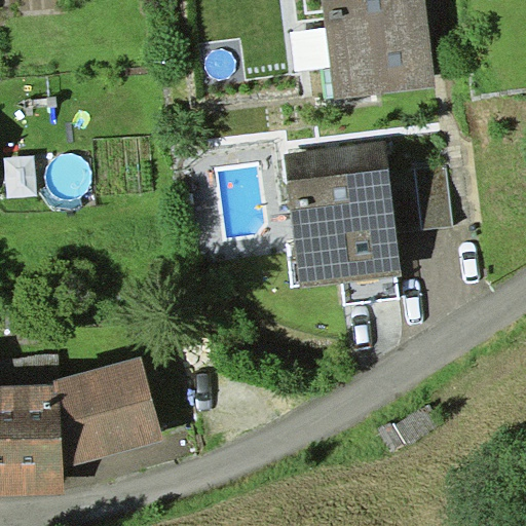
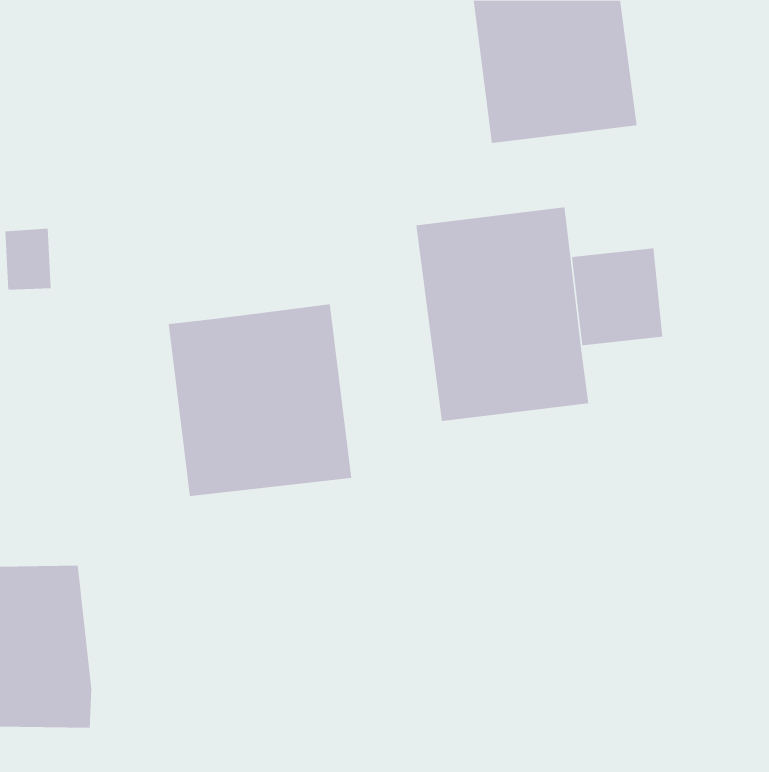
building: none -> [168,304,352,497]
building: [53,356,162,468] -> none

